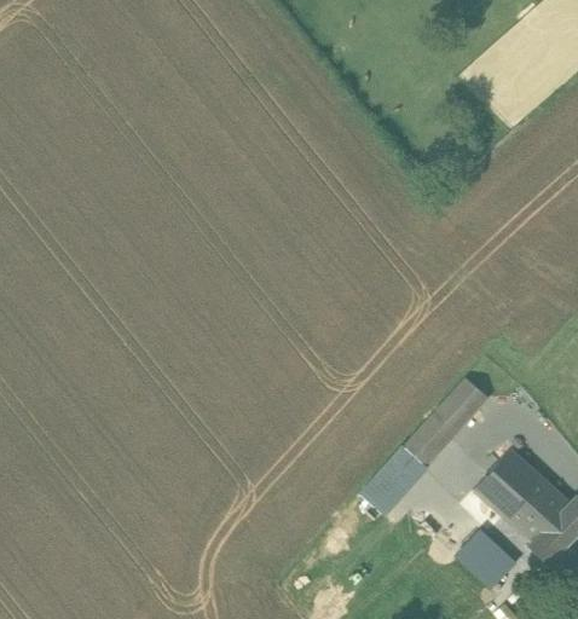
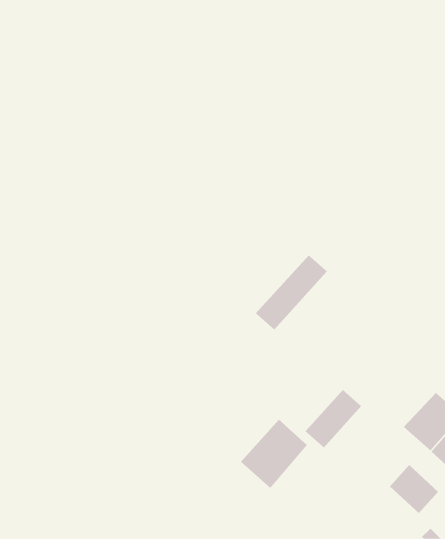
building: [404,377,487,464] -> [255,254,328,331]
building: none -> [240,419,308,489]

